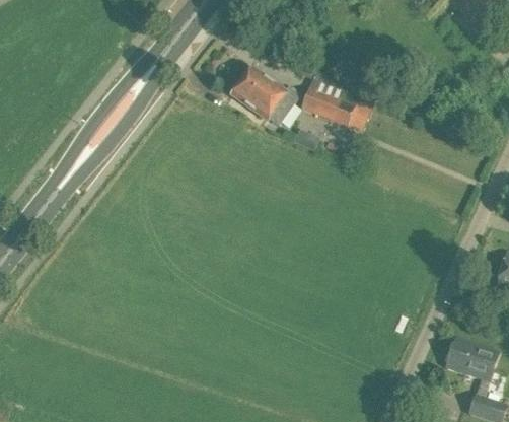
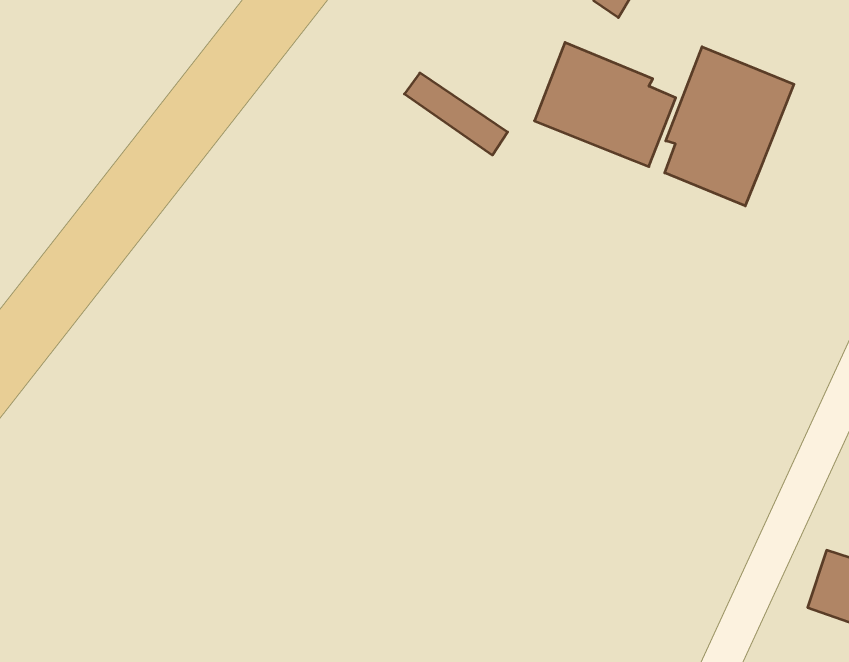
building: [239,65,300,113] -> none
building: none -> [665,47,794,206]

